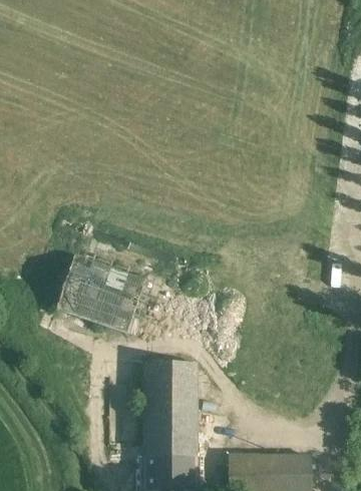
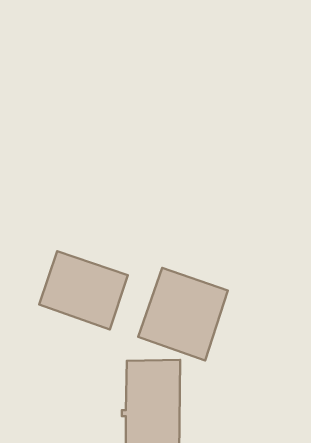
building: none -> [138,268,228,360]

